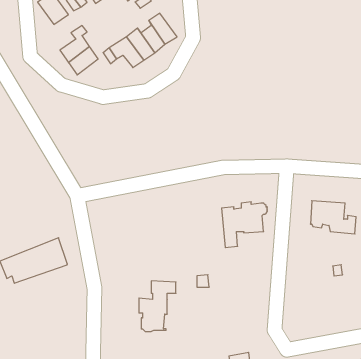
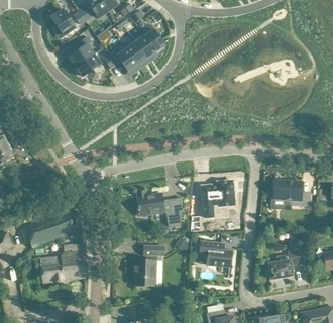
building: none -> [136,192,182,227]
building: none -> [199,241,231,267]
building: none -> [39,243,85,282]
building: none -> [267,249,301,279]

